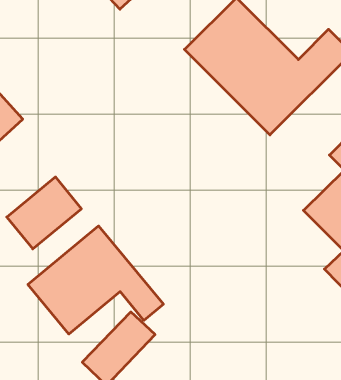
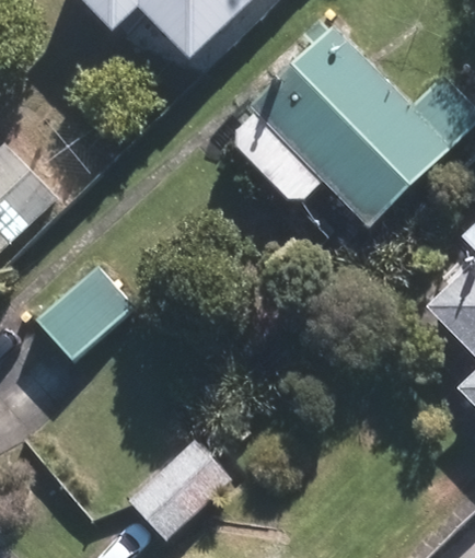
building: [28,226,163,334] -> none

